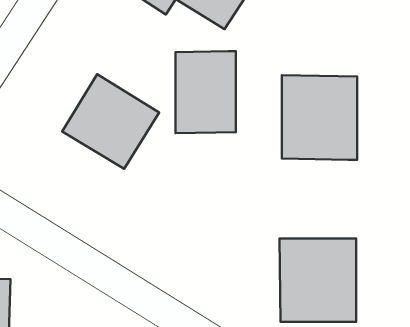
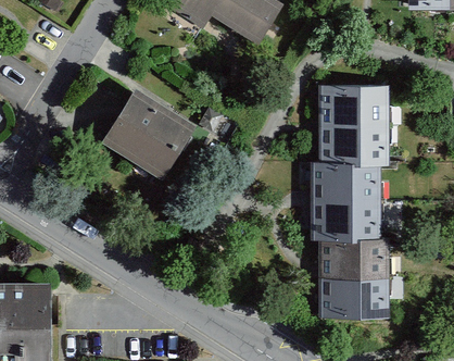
building: [175,51,236,133] -> none
building: none -> [308,166,380,244]

